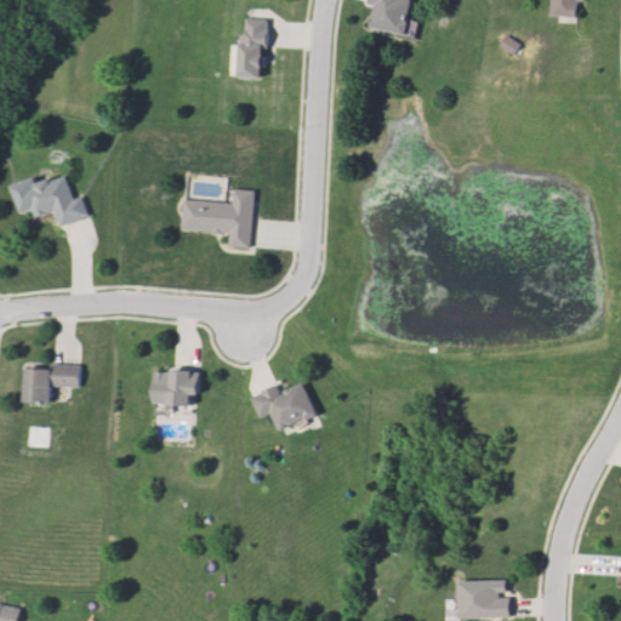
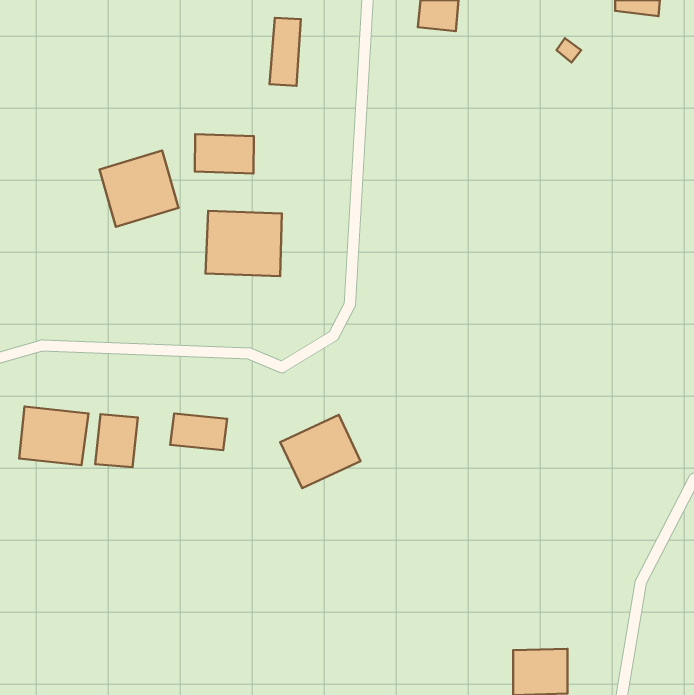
building: none -> [195,134,254,174]
building: [11,169,81,237] -> [100,151,179,227]
building: none -> [95,414,138,467]

